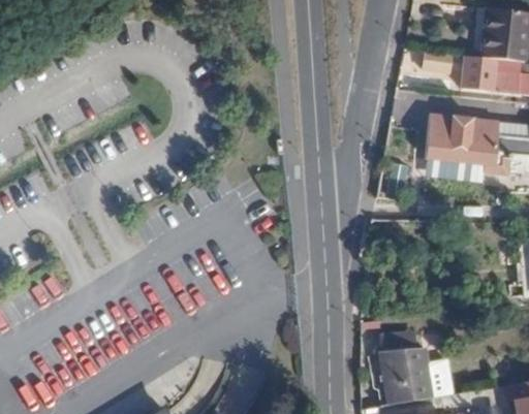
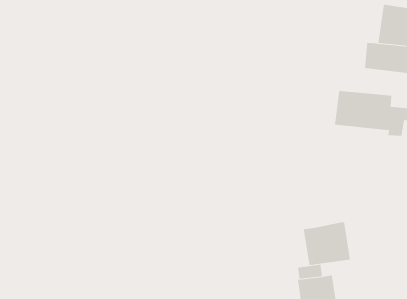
building: none -> [303,222,351,266]

